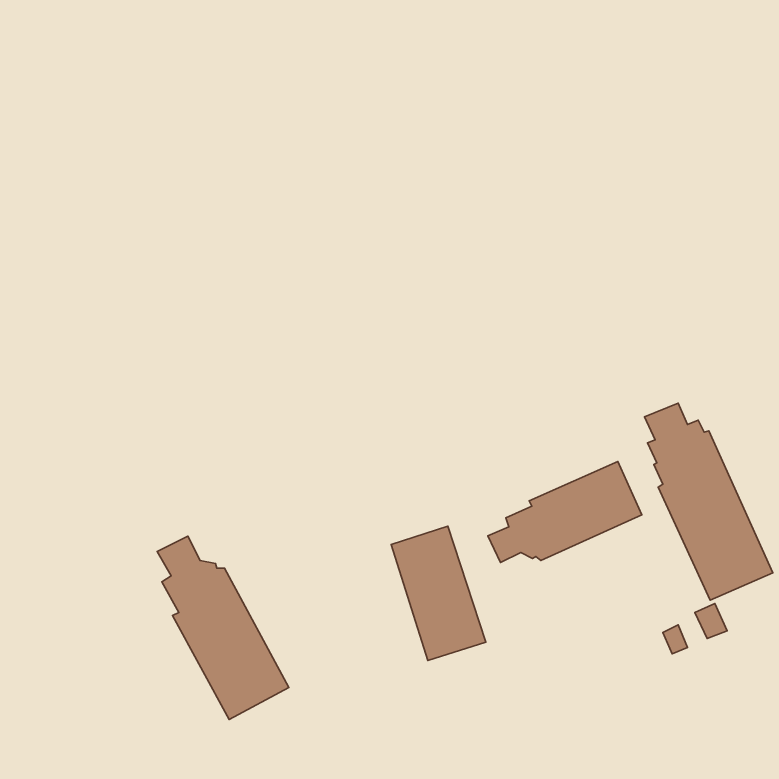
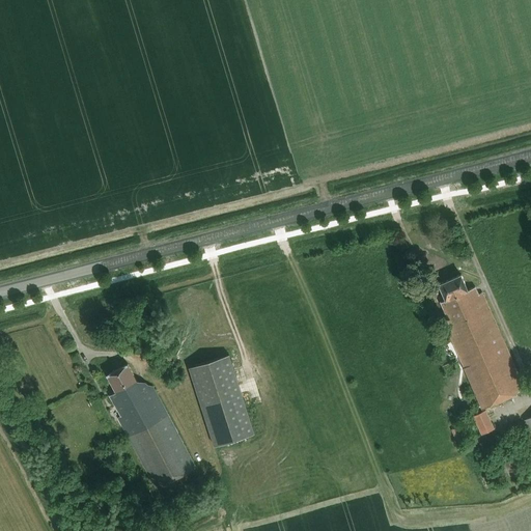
building: [488,461,642,562] -> none
building: [391,526,486,661] -> [189,355,253,446]

